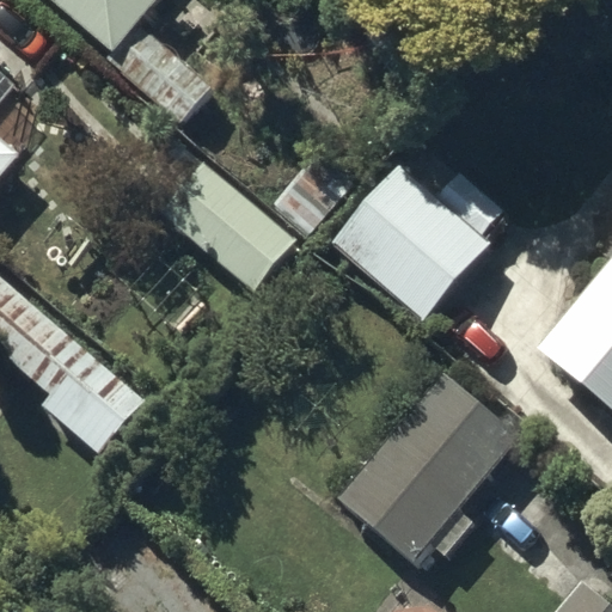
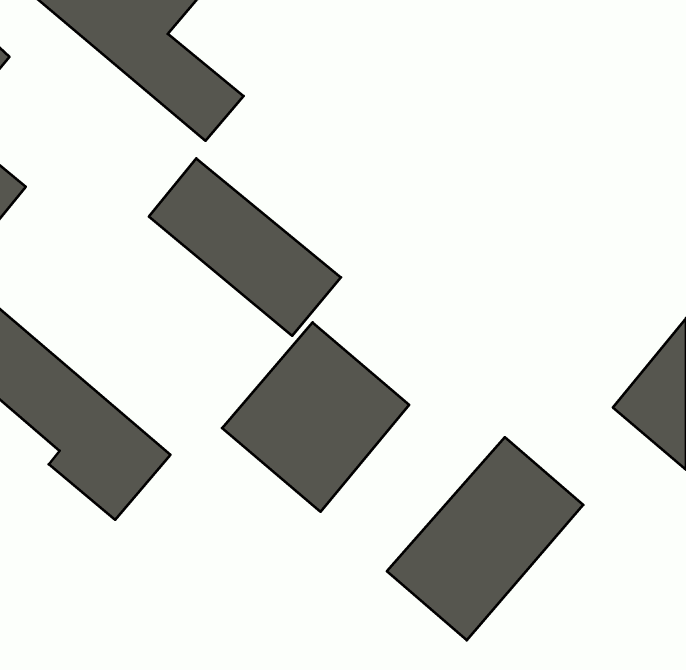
building: [339,175,492,326] -> none
building: none -> [222,322,409,512]

